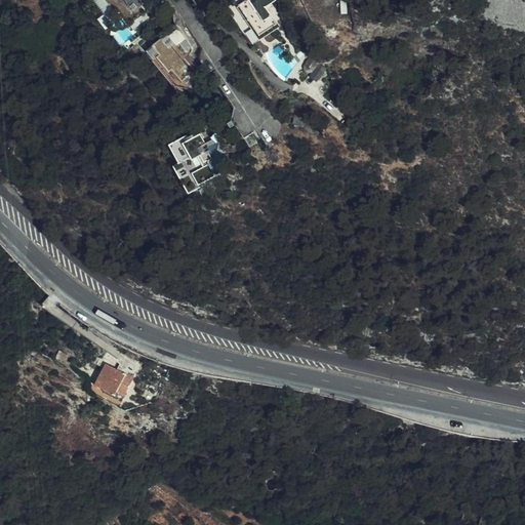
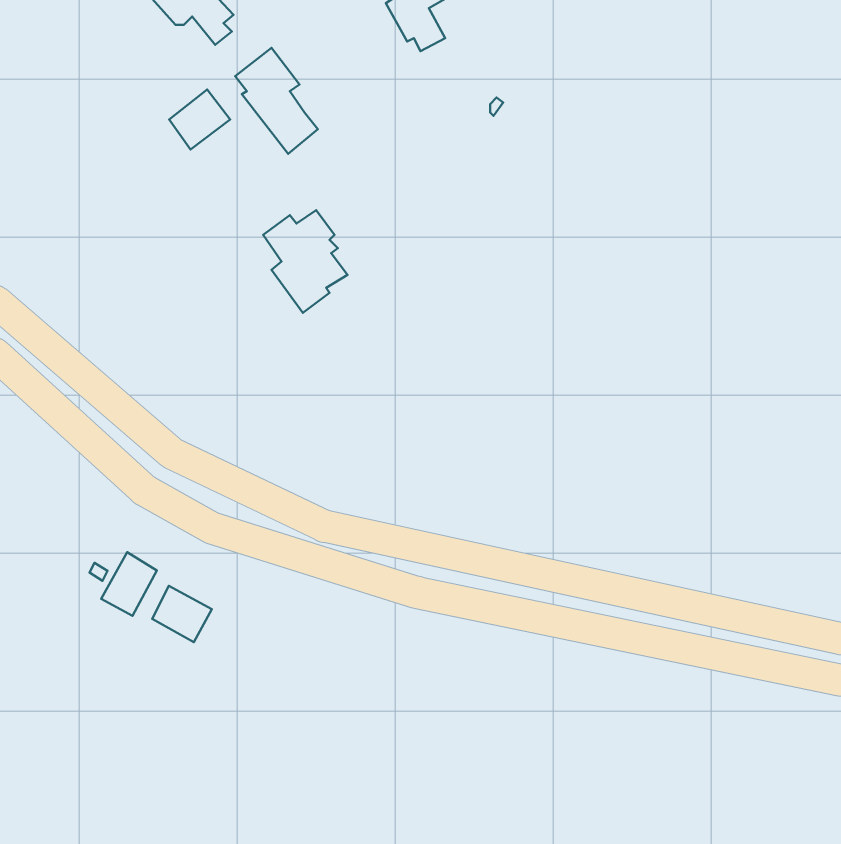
building: none -> [169,90,230,150]
building: none -> [101,552,157,616]

